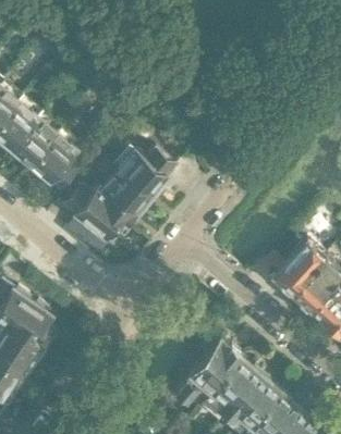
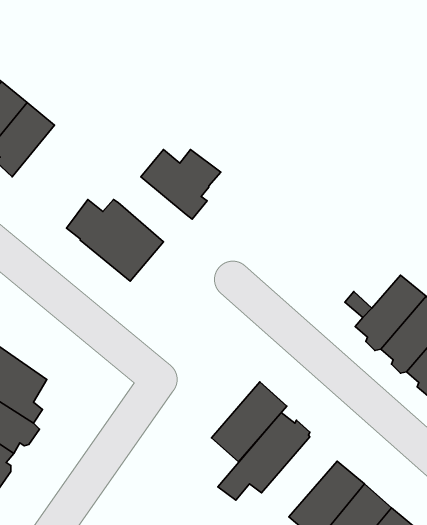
building: [26,133,76,189] -> none
building: [102,170,151,220] -> none
building: [206,357,260,414] -> [211,382,287,462]

